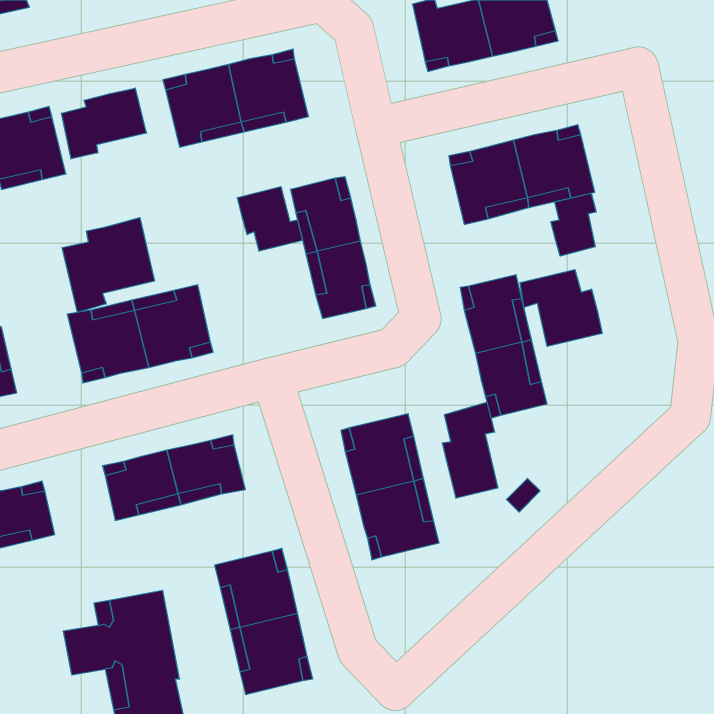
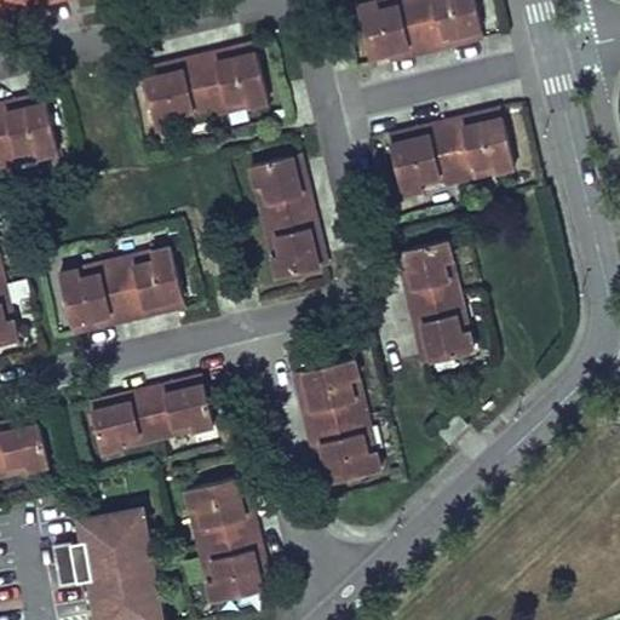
building: [62,88,146,159] -> none
building: [237,187,303,251] -> none
building: [551,193,596,256] -> none
building: [62,218,155,312] -> none
building: [520,270,602,346] -> none
building: [443,402,498,498] -> none

